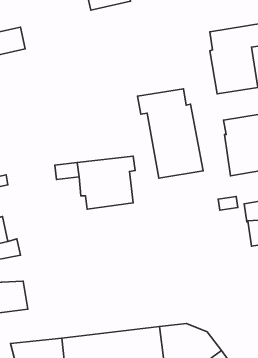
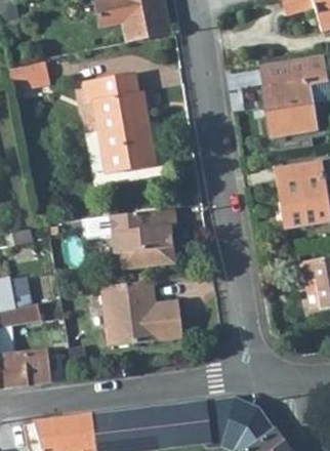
building: [137,89,203,178] -> [81,72,156,173]
building: none -> [100,279,181,344]

